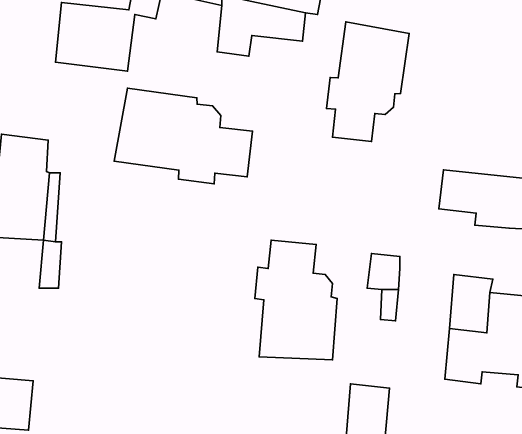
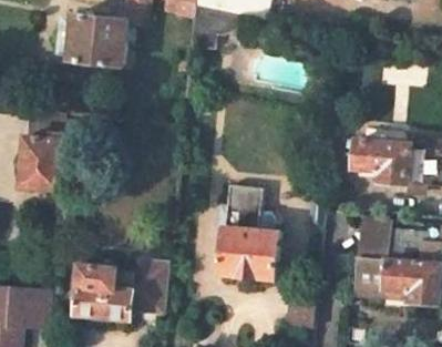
building: [326,22,409,142] -> none
building: [114,88,252,184] -> none
building: none -> [74,255,167,319]

